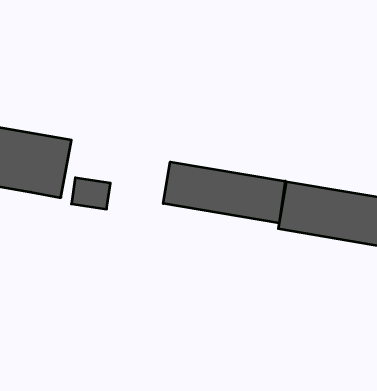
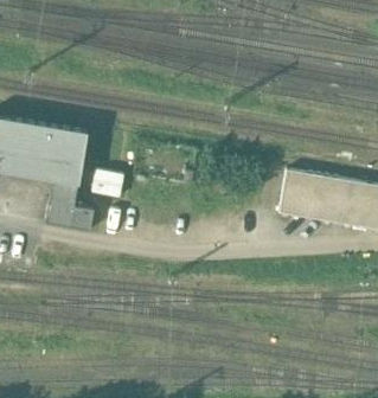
building: [163,162,285,223] -> none
building: none -> [45,180,94,232]

